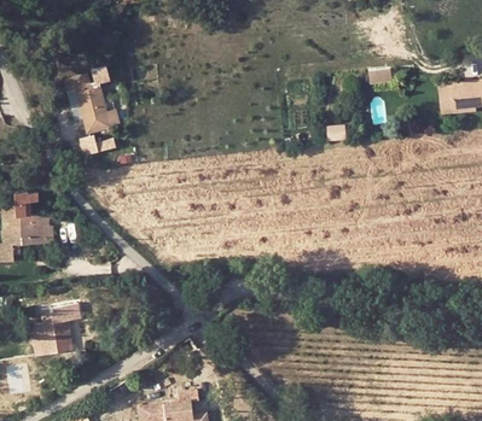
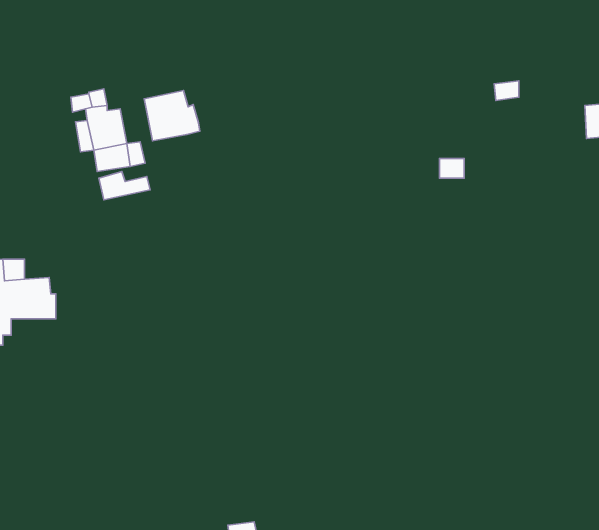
building: none -> [144,90,200,141]
building: [22,304,75,346] -> none

